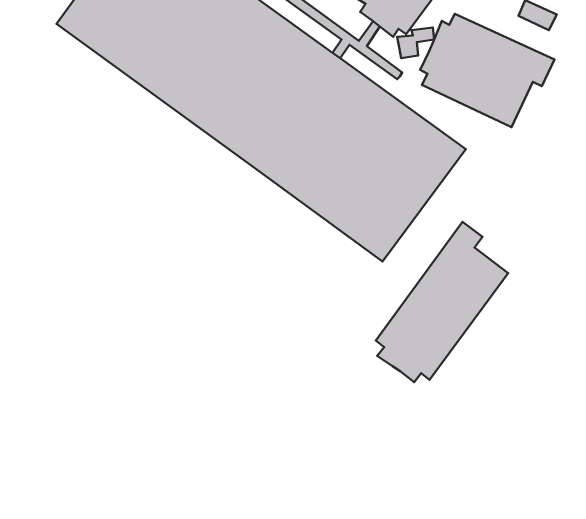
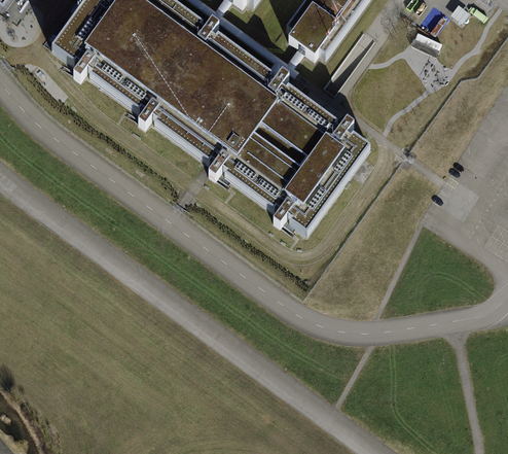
building: [420,14,554,127] -> none
building: [376,222,508,382] -> none

